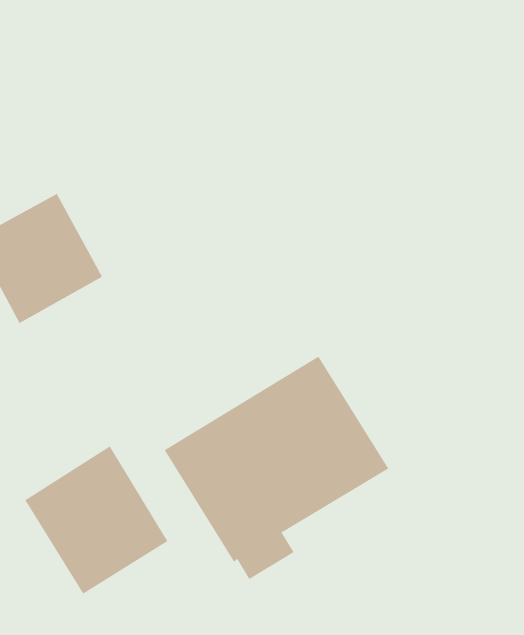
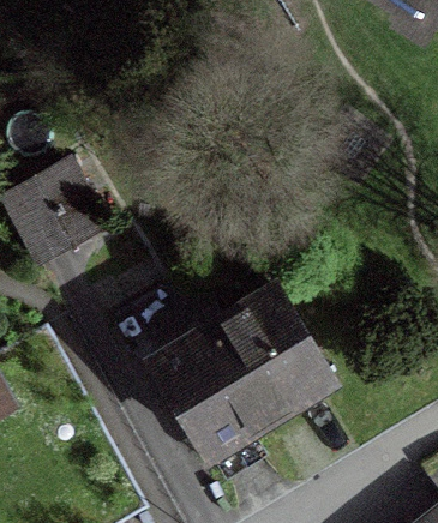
building: [24,446,168,594] -> none

